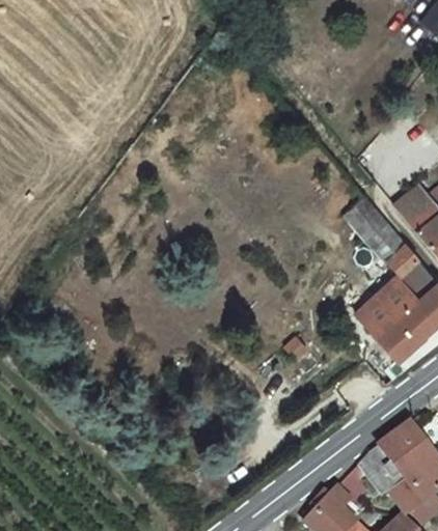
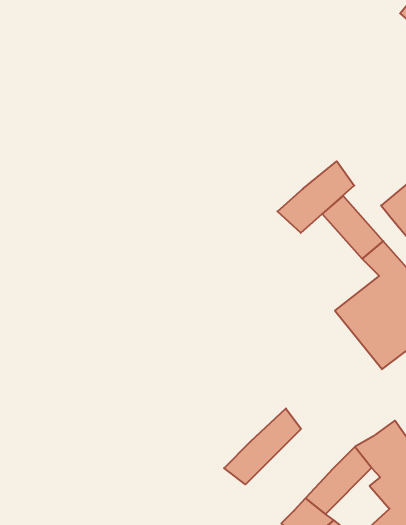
building: none -> [277,161,354,233]
building: none -> [224,408,301,484]

